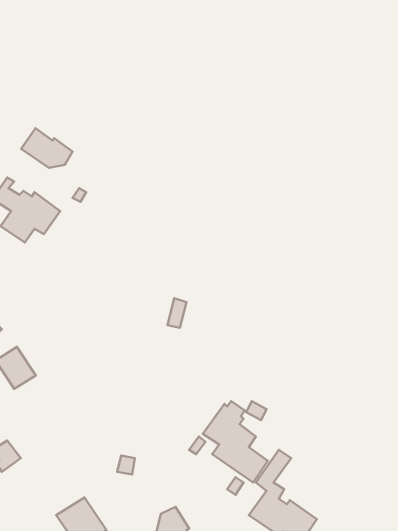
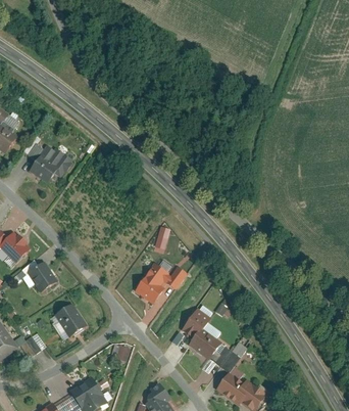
building: [21,128,72,168] -> none
building: none -> [134,262,187,303]
building: none -> [55,304,88,337]

